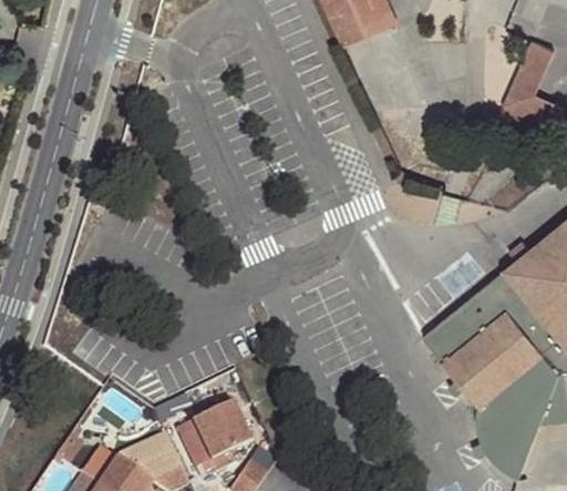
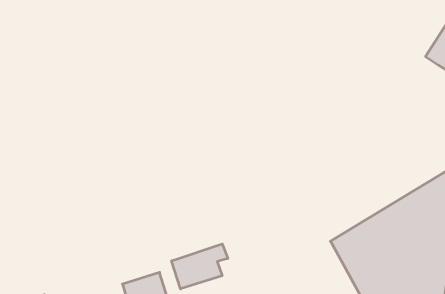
building: none -> [172,244,228,289]

